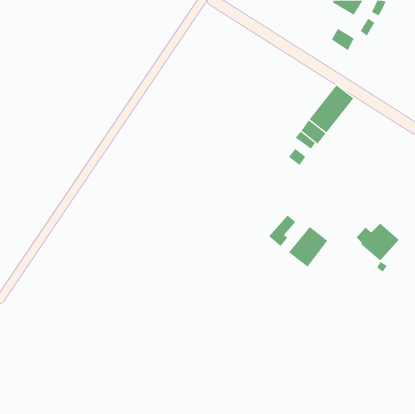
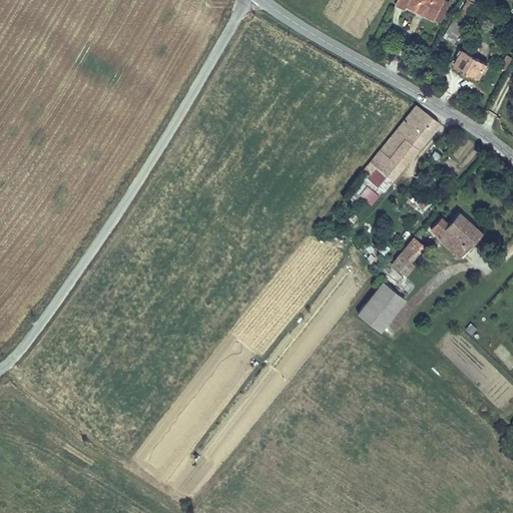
building: [331,28,355,51] -> [454,52,483,80]
building: [269,215,296,247] -> [391,237,425,277]
building: [356,223,400,261] -> [429,210,483,258]

